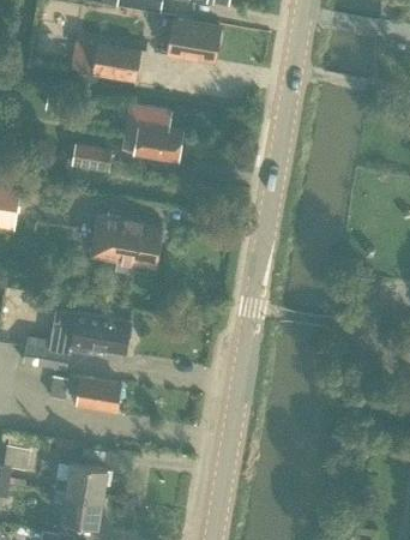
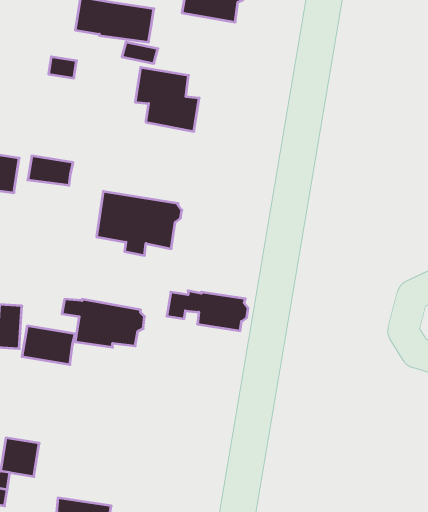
building: [72,144,113,170] -> [28,156,73,185]
building: [49,376,122,412] -> [167,291,248,331]
building: [55,463,108,498] -> none

